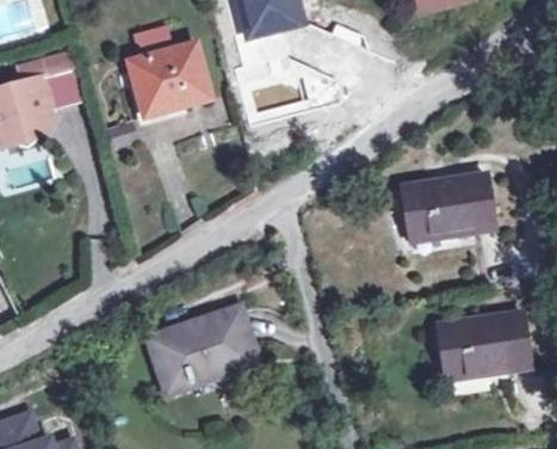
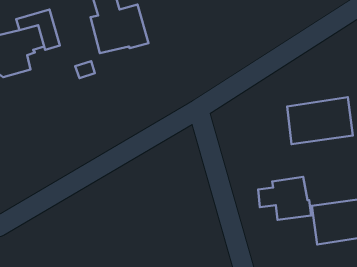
building: none -> [258,177,311,220]
building: [151,308,256,385] -> none

